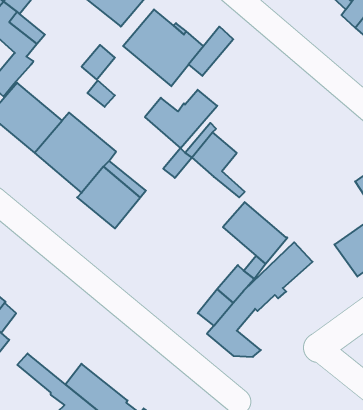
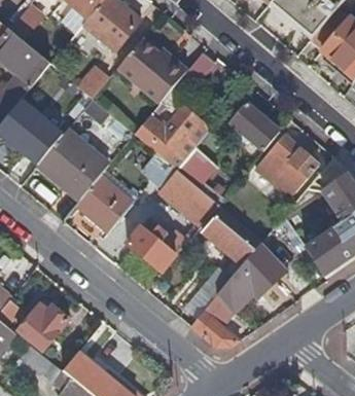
building: none -> [227,102,280,149]
building: none -> [255,134,318,199]
building: none -> [166,176,219,221]
building: none -> [129,220,188,272]
building: none -> [15,302,64,347]

